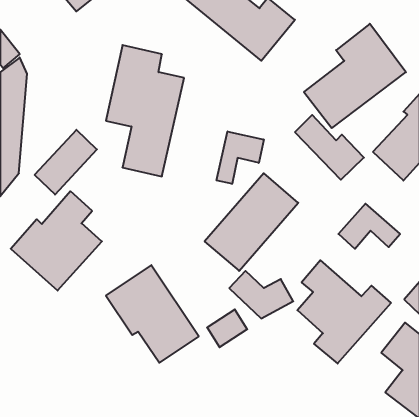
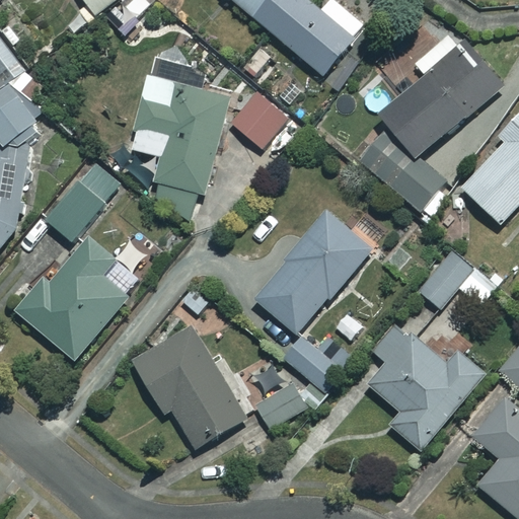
building: none -> [233,94,286,148]
building: [217,131,264,184] -> none

